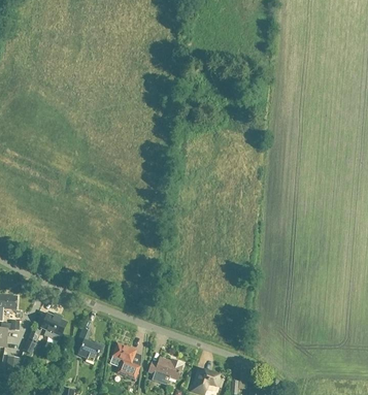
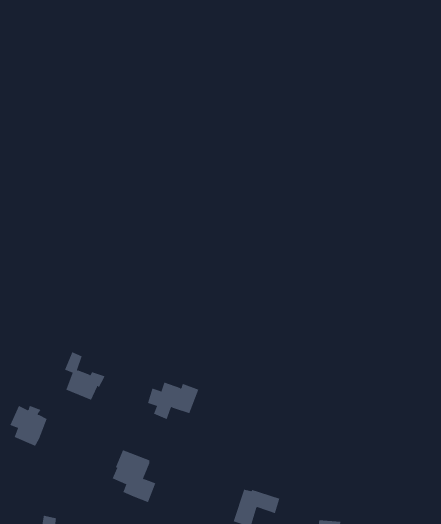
building: [77,328,105,361] -> [64,352,105,401]
building: [148,357,183,383] -> [147,382,199,420]

